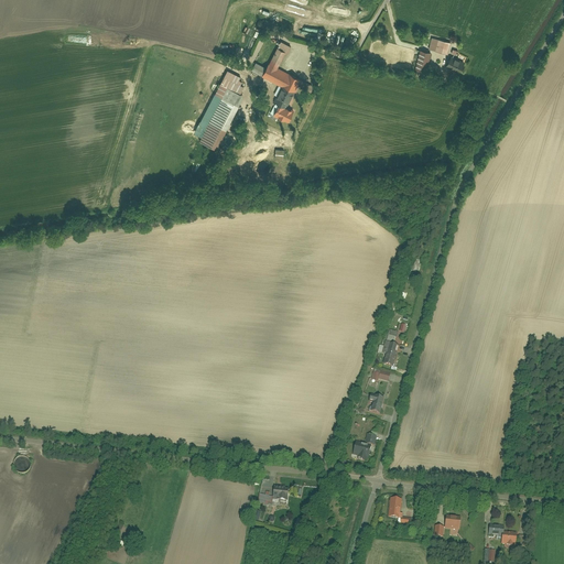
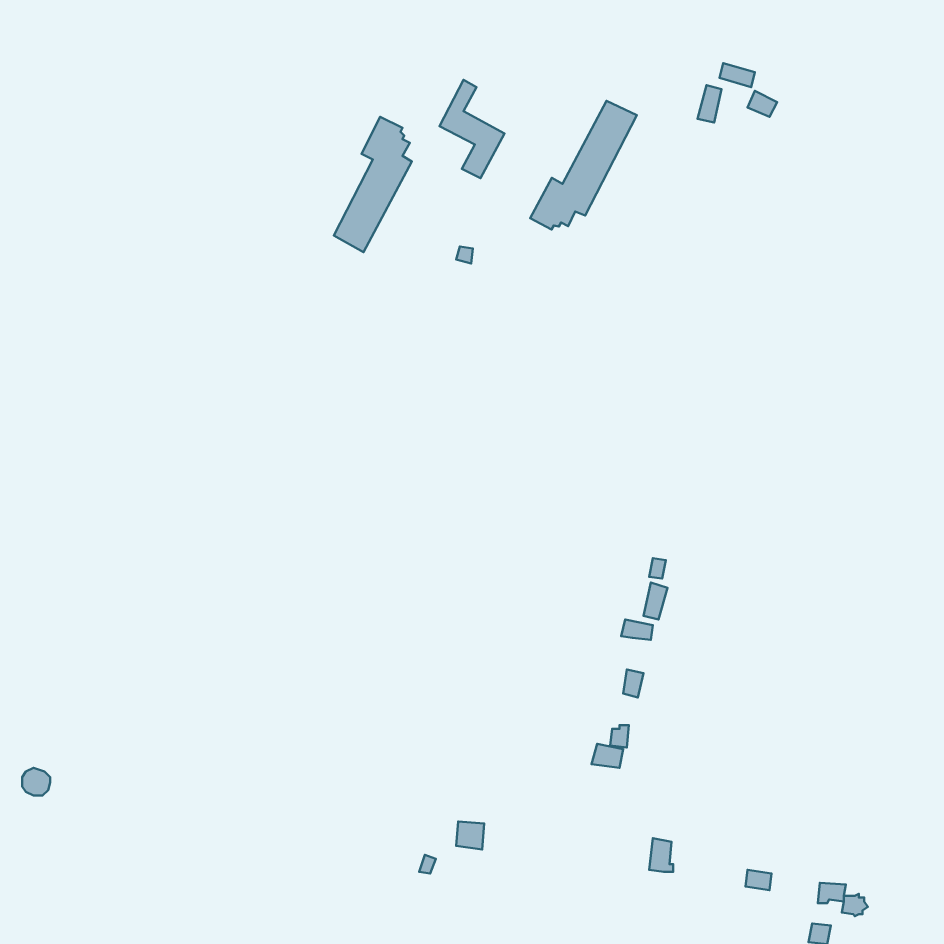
building: none -> [530,101,637,230]

